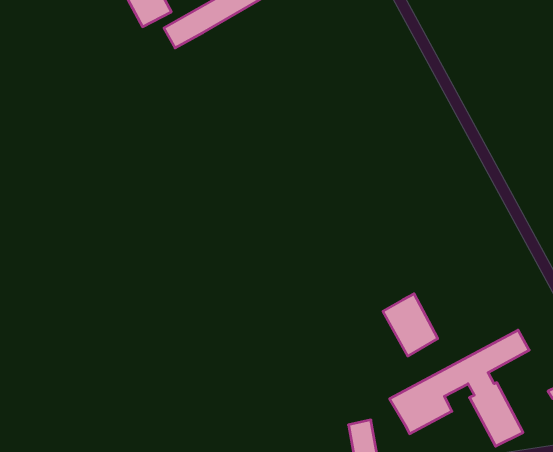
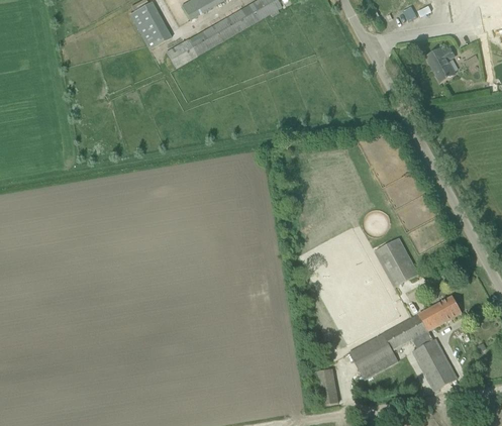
building: none -> [427,46,456,81]
building: [383,294,438,356] -> [375,236,419,287]

